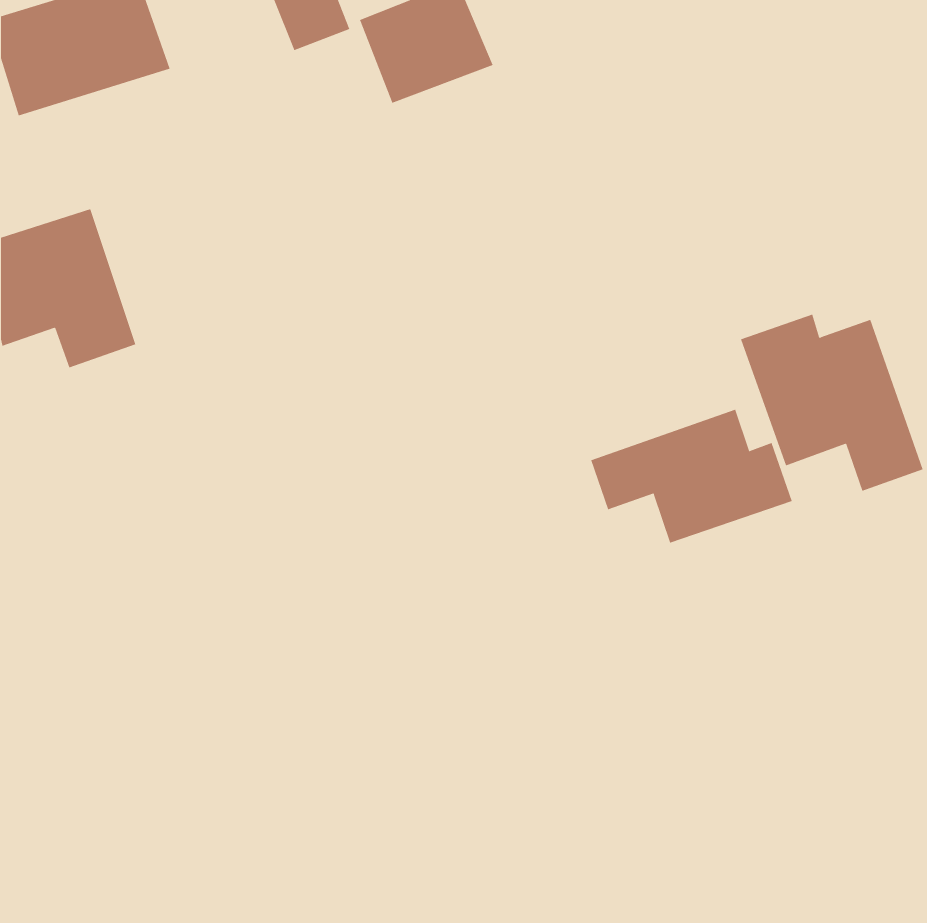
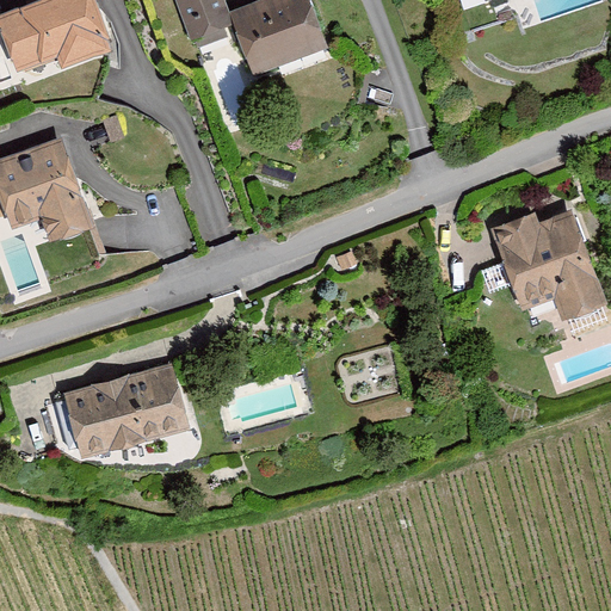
building: [590,409,793,544] -> none
building: none -> [60,371,181,462]

